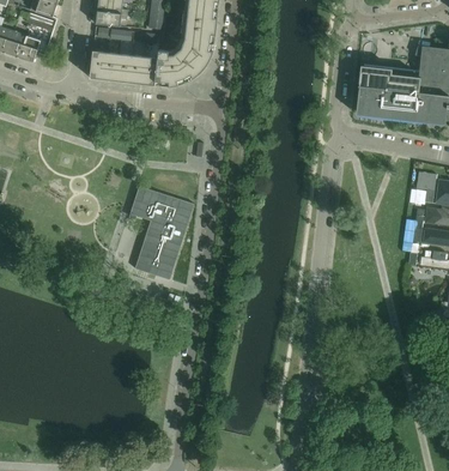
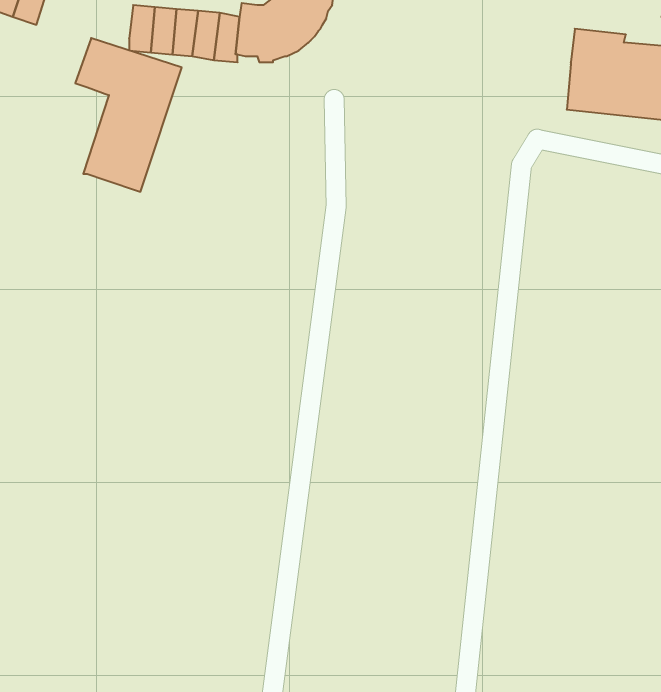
building: [129,186,194,279] -> [75,38,182,192]

